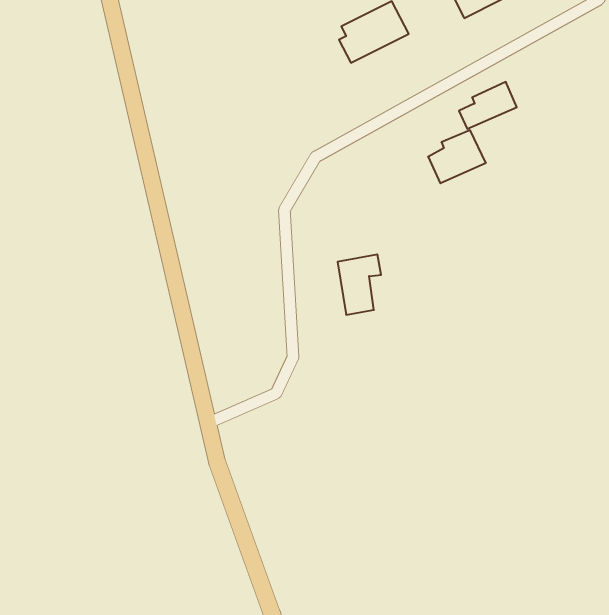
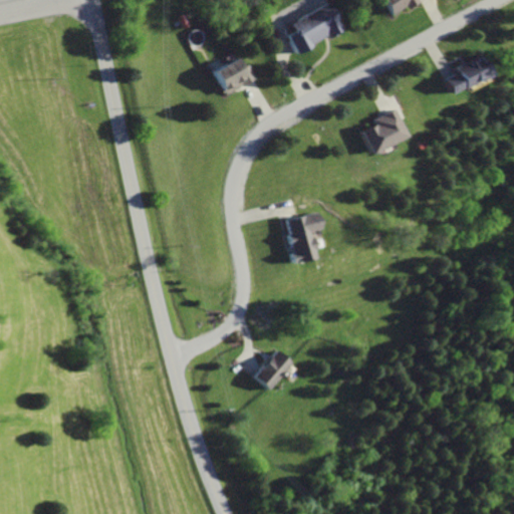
building: none -> [215,57,260,93]
building: [459,82,517,129] -> [443,54,491,93]
building: none -> [256,348,294,391]

